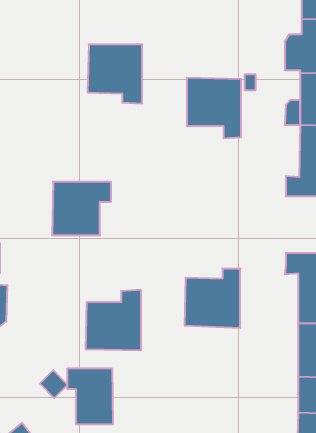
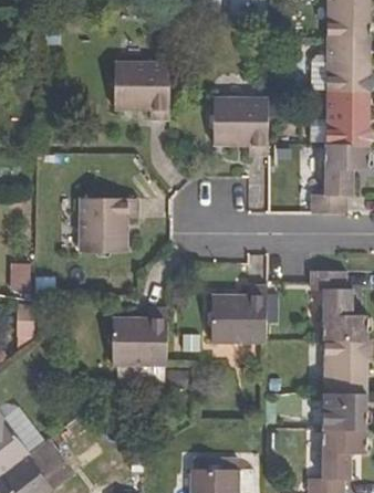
building: [68,368,113,424] -> none

